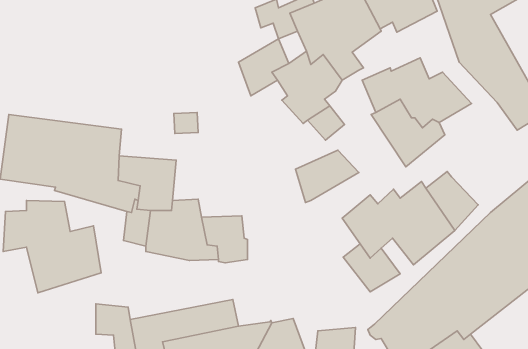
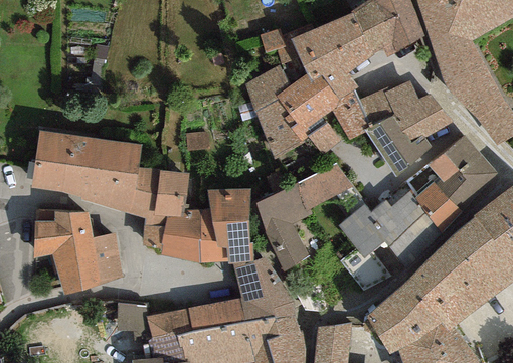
building: none -> [333,90,369,139]
building: none -> [256,100,306,159]
building: none -> [430,134,502,212]
building: none -> [255,180,314,271]
building: none -> [207,189,250,223]
building: none -> [233,255,295,322]

